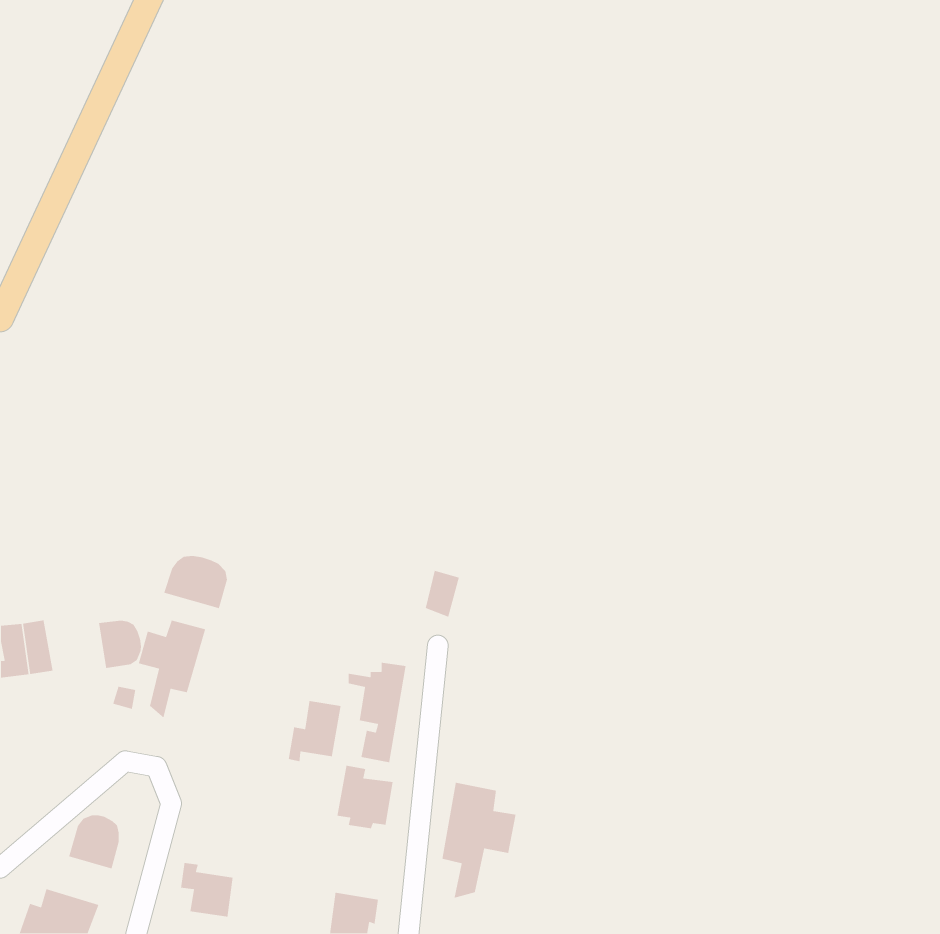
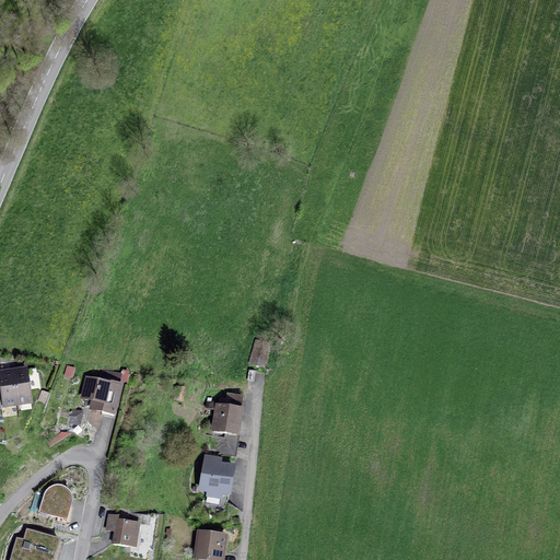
building: [163,555,228,609] -> none
building: [98,620,142,669] -> none
building: [288,700,341,762] -> none
building: [441,782,516,899] -> none

